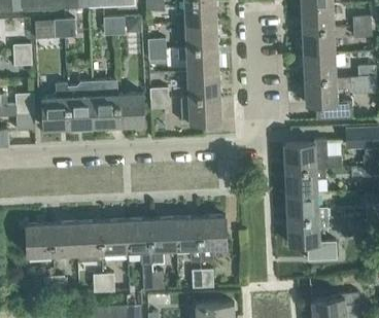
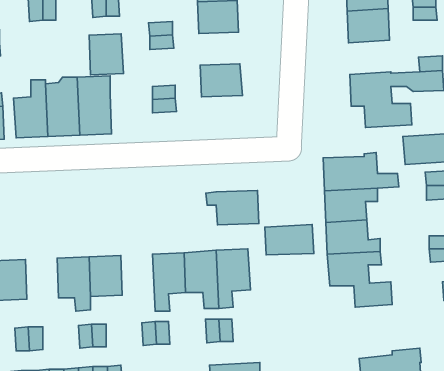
building: [178,46,218,72] -> none
building: [303,52,336,79] -> none
building: [117,94,144,126] -> [89,34,124,75]
building: [180,96,221,122] -> [206,191,259,225]
building: none -> [265,224,314,255]
building: [126,219,152,264] -> none
building: [51,222,77,254] -> none

